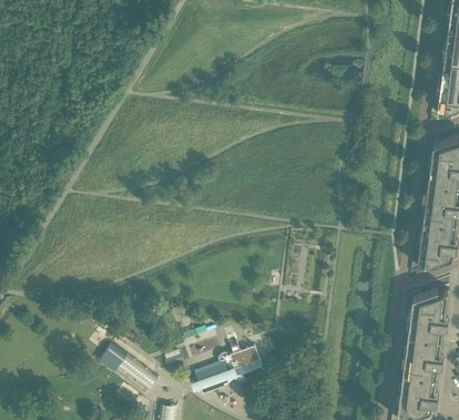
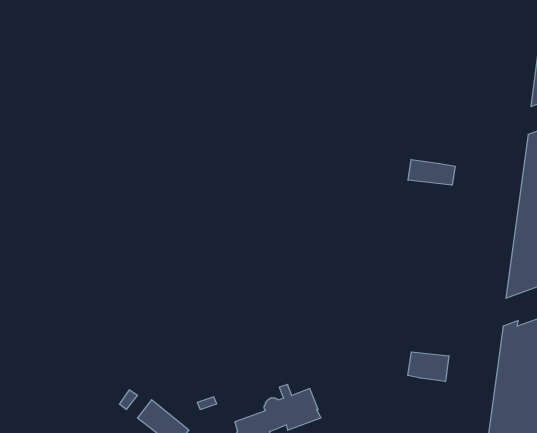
building: none -> [408,159,455,185]
building: none -> [408,352,449,382]

